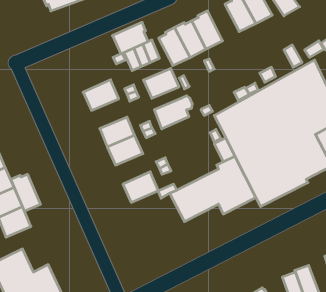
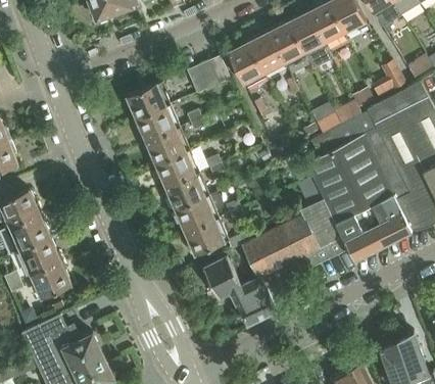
building: none -> [288,12,327,57]
building: [112,22,148,54] -> [125,82,168,121]
building: [143,68,179,98] -> [145,129,189,165]
building: [154,96,192,129] -> [175,193,222,234]
building: [11,174,40,211] -> none
building: none -> [203,256,276,327]

